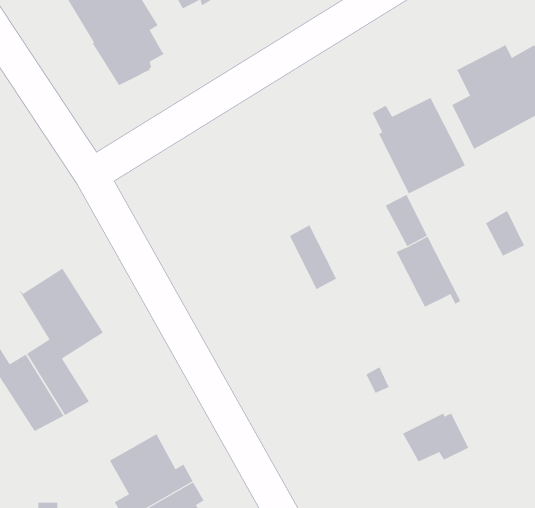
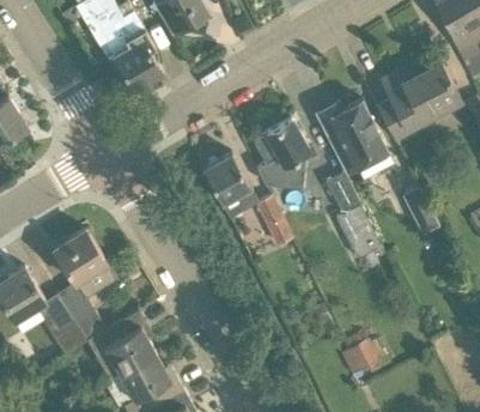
building: none -> [254,120,309,188]
building: none -> [202,153,257,208]
building: none -> [86,310,156,378]

